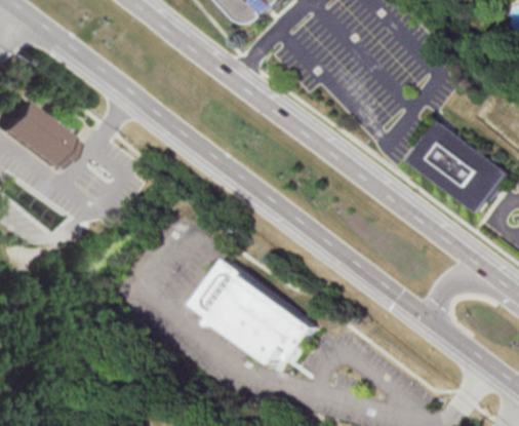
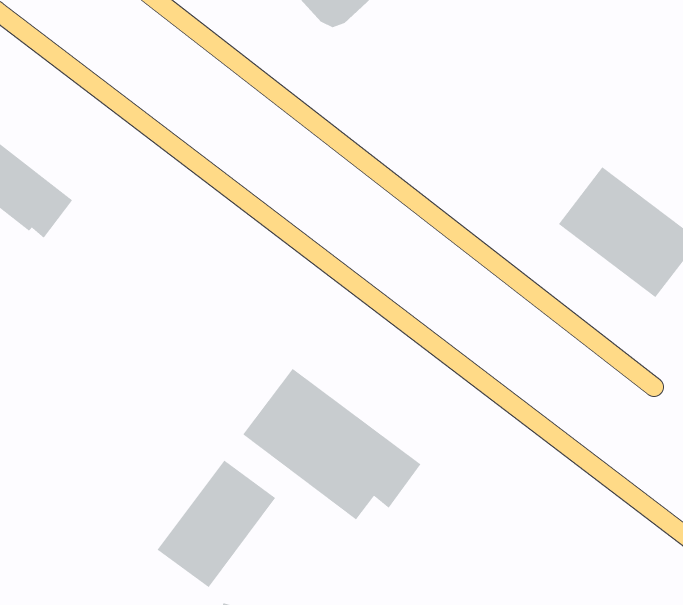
building: none -> [157,459,276,588]

